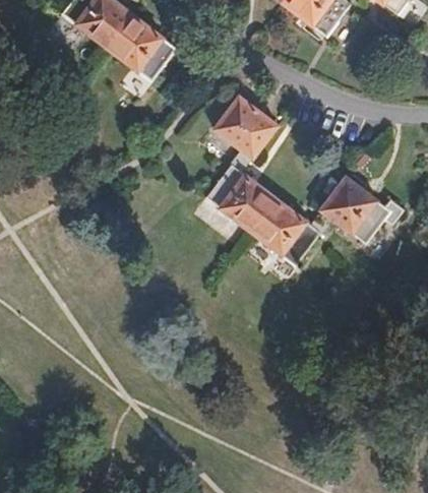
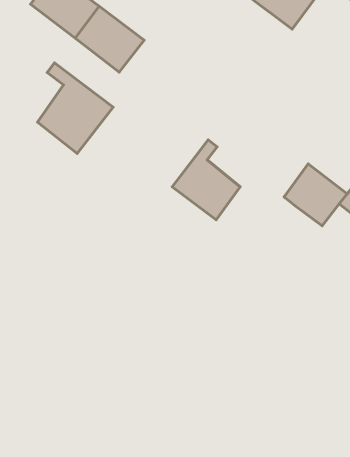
building: none -> [37,63,113,153]
building: [216,96,278,159] -> none
building: [251,198,331,264] -> none

